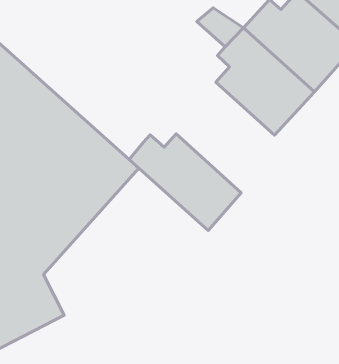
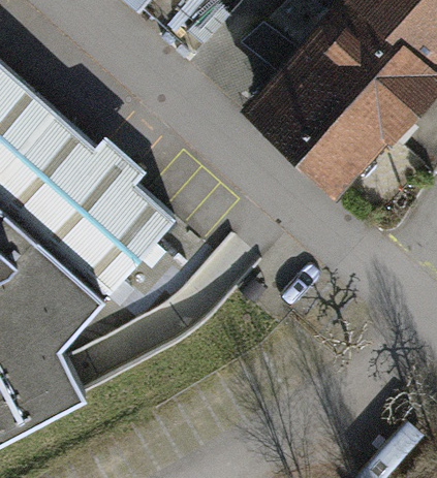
building: [129,134,241,231] -> none

